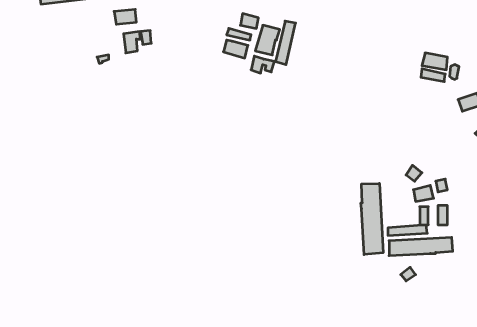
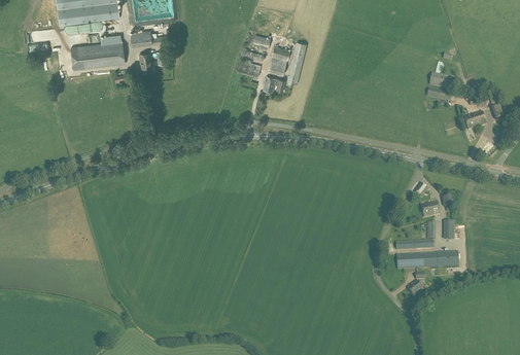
building: none -> [72,40,126,69]
building: [361,183,383,255] -> none

